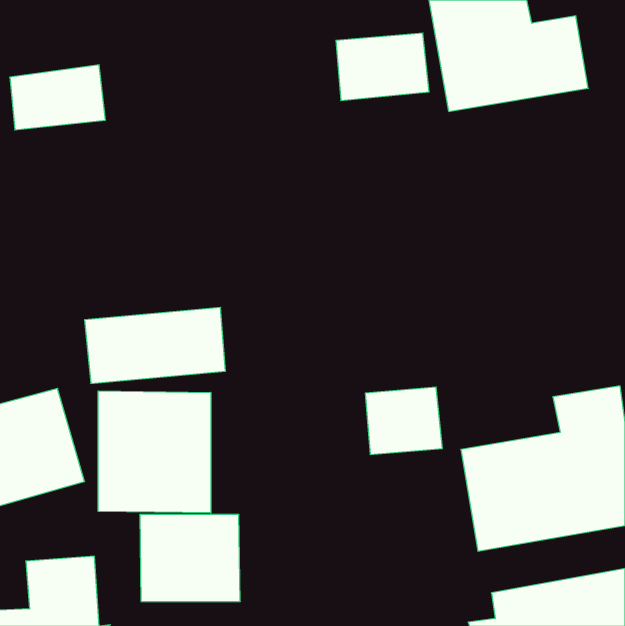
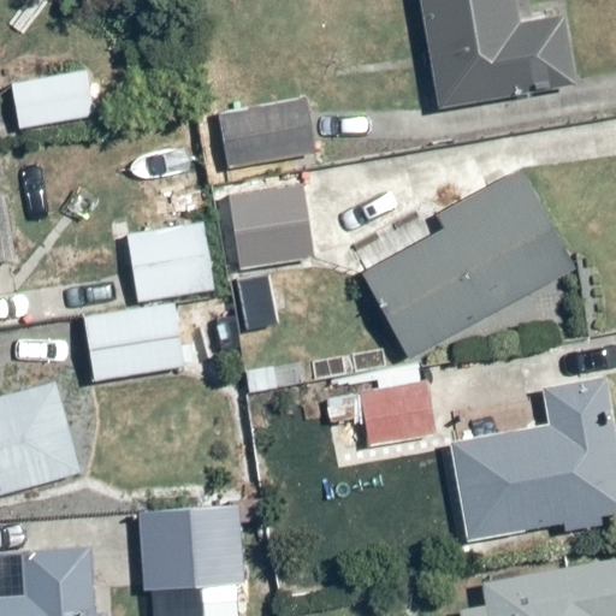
building: [336,33,429,100] -> [218,101,309,167]
building: none -> [362,171,575,360]
building: none -> [225,189,304,266]
building: none -> [130,221,214,296]
building: [98,391,211,513] -> none

